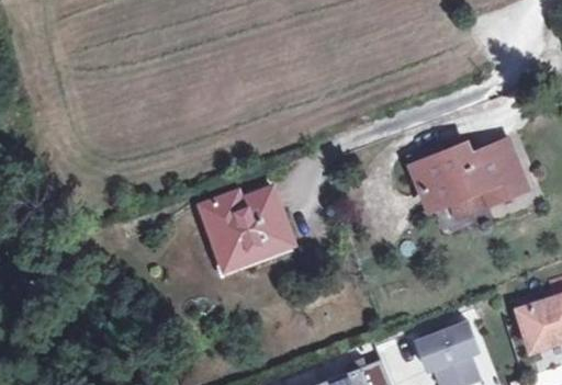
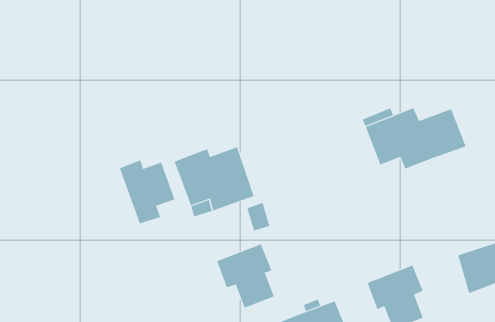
building: none -> [119,159,175,224]
building: none -> [217,244,275,309]

